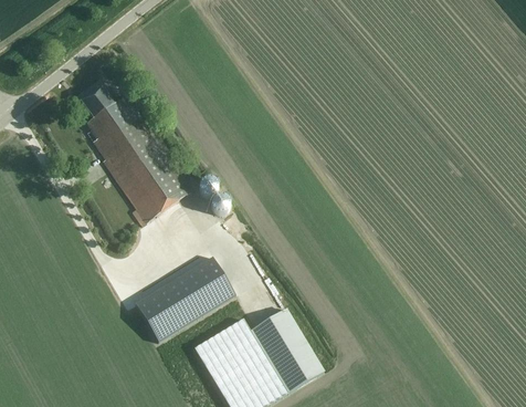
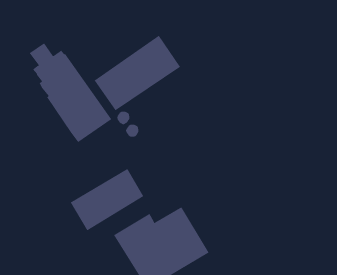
building: none -> [94,35,181,111]

